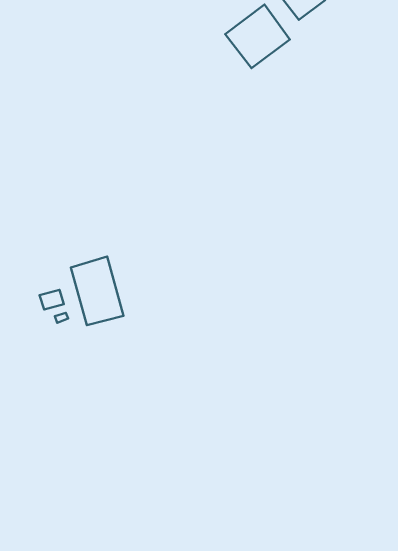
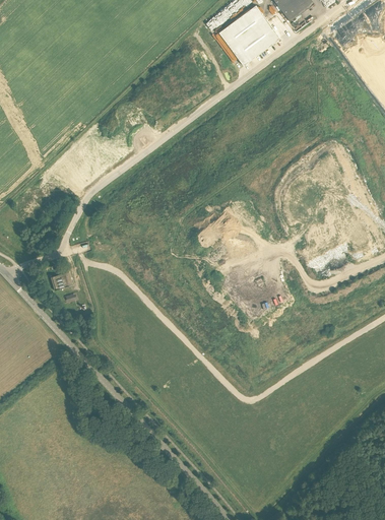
building: [71,256,124,325] -> none

